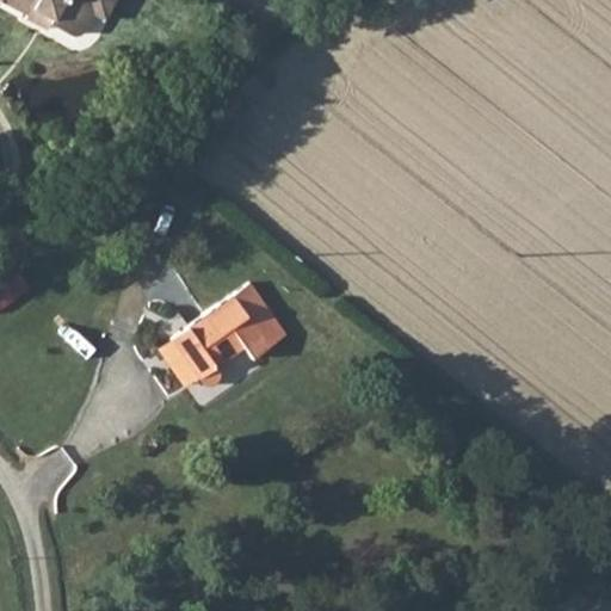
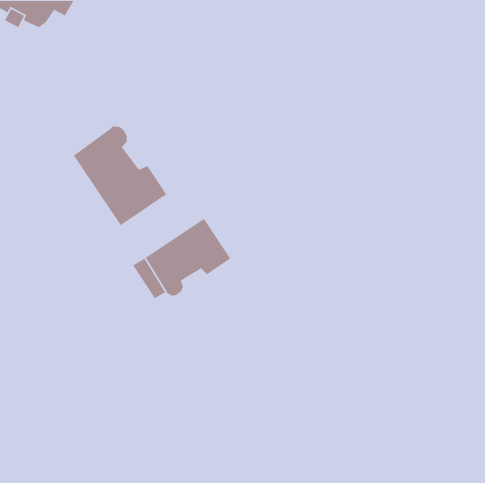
building: none -> [73,126,167,226]

